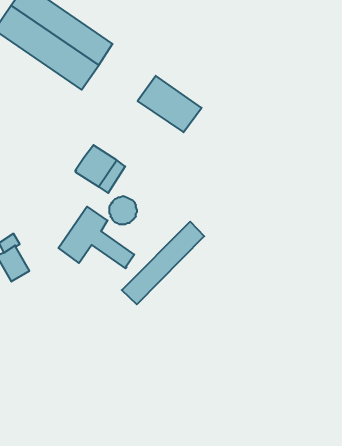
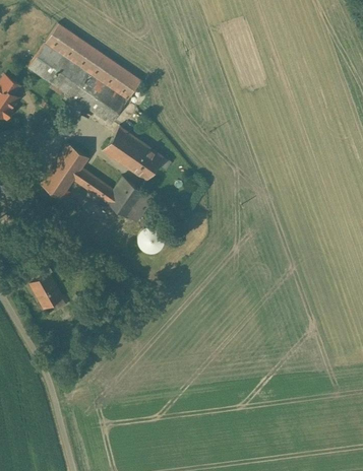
building: [138,76,202,132] -> [102,127,163,181]
building: [58,207,134,268] -> [41,144,113,203]
building: [122,222,204,304] -> none

